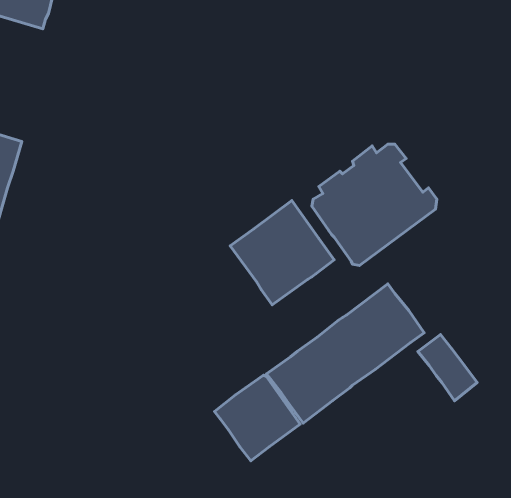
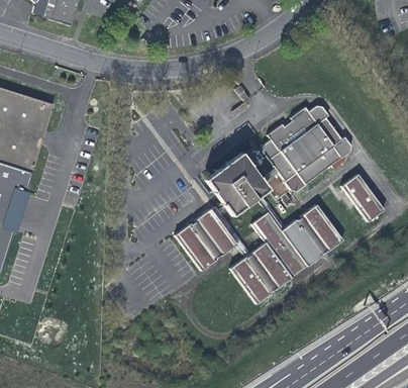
building: none -> [252,212,282,243]
building: [418,335,477,401] -> [342,175,385,222]
building: [214,375,300,461] -> [176,209,237,271]

